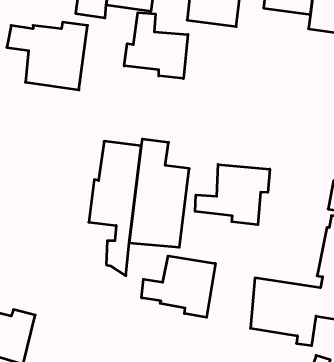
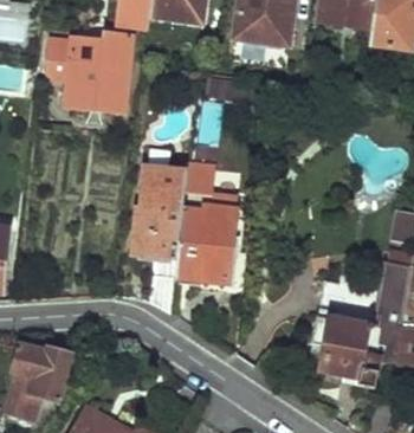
building: [124,13,188,79] -> none
building: [195,164,270,225] -> none
building: [142,256,215,317] -> none

